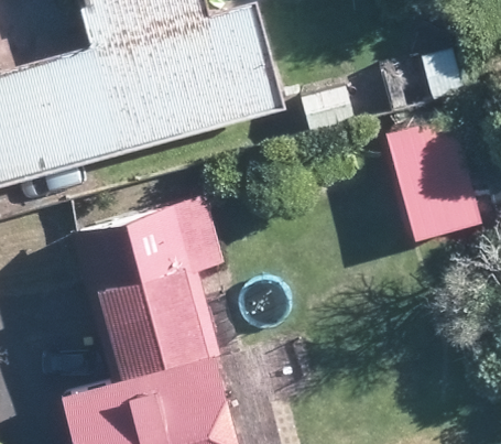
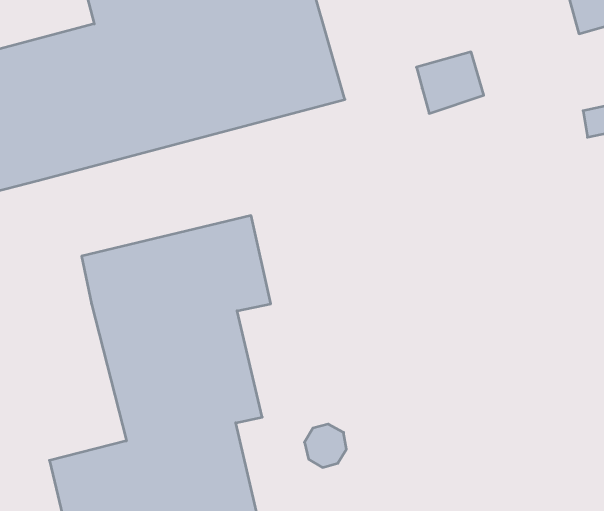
building: [388,115,481,239] -> none

